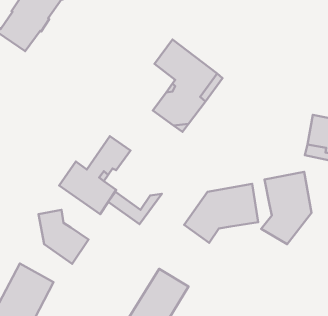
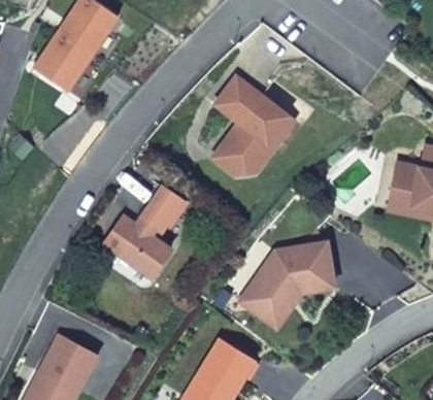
building: [261,172,311,244] -> none
building: [108,192,162,224] -> [240,290,302,327]
building: [39,210,89,264] -> none

